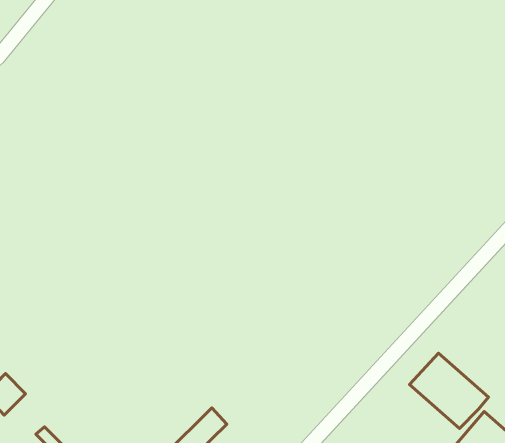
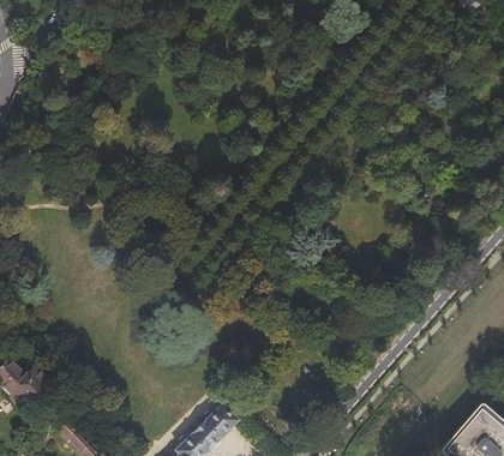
building: [409,353,488,429] -> none

